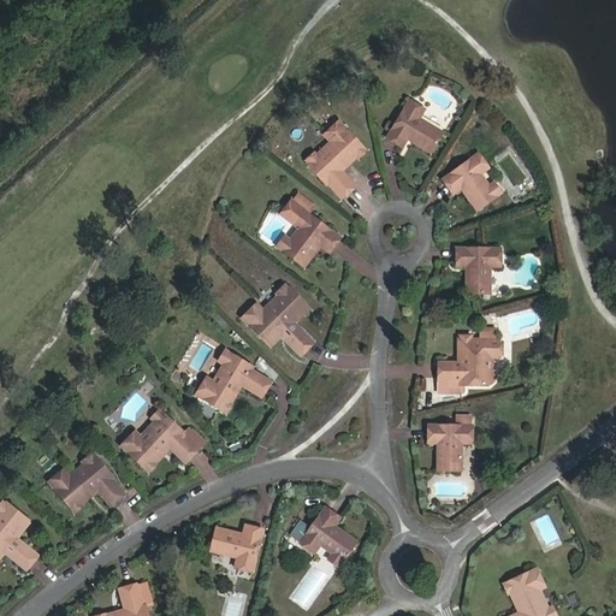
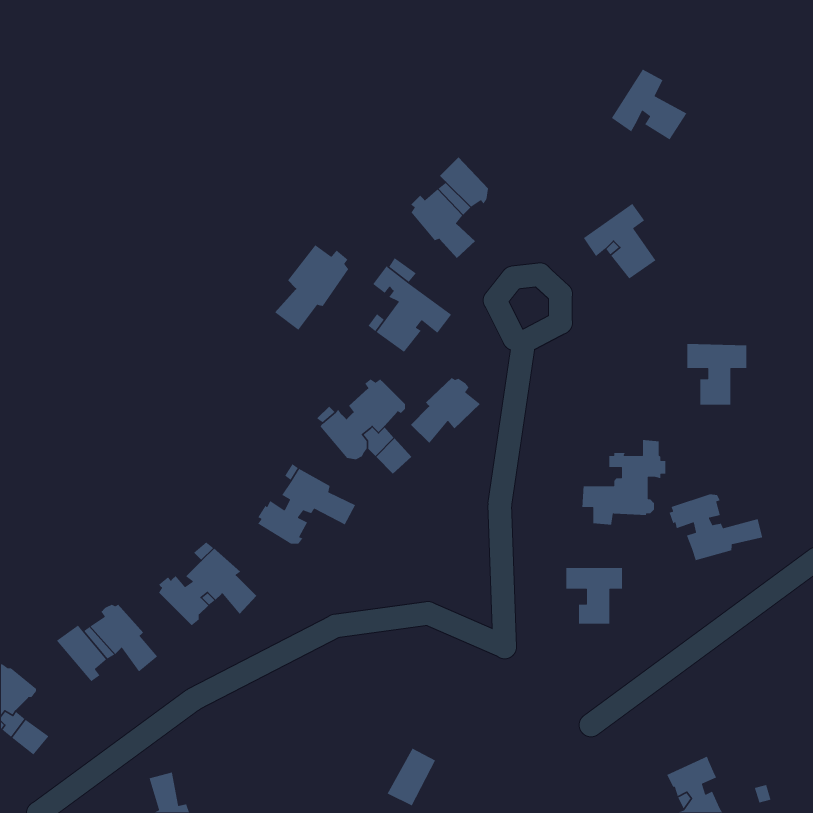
building: [387,97,445,152] -> [611,69,687,140]
building: none -> [274,244,349,331]
building: [455,245,500,292] -> [687,343,747,406]
building: none -> [410,377,481,444]
building: none -> [669,493,763,561]
building: [296,505,355,561] -> none
building: [206,522,259,571] -> none

